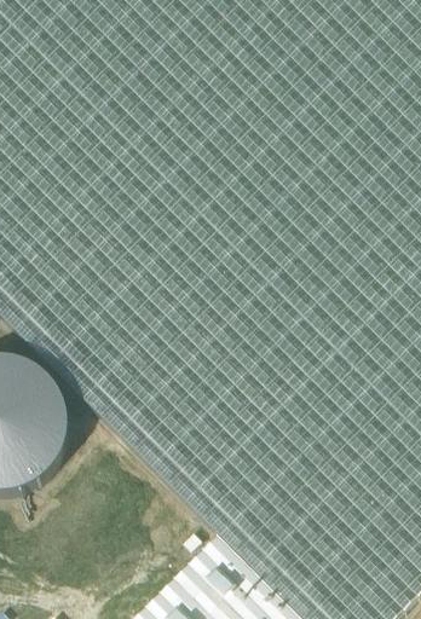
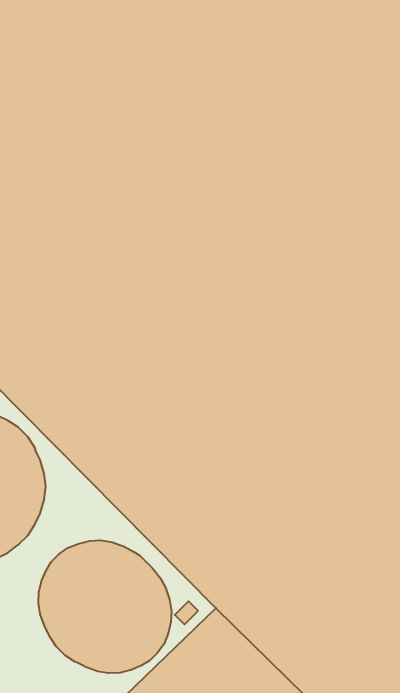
building: none -> [38,540,172,673]

